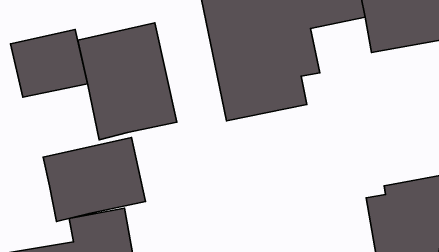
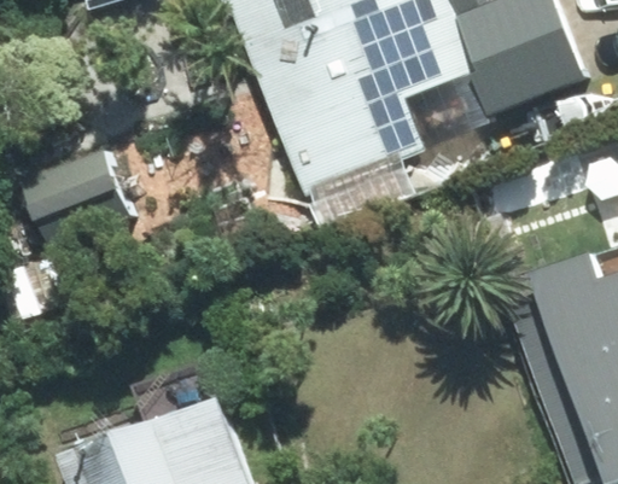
building: [78,23,177,140] -> none
building: [43,138,145,221] -> none

